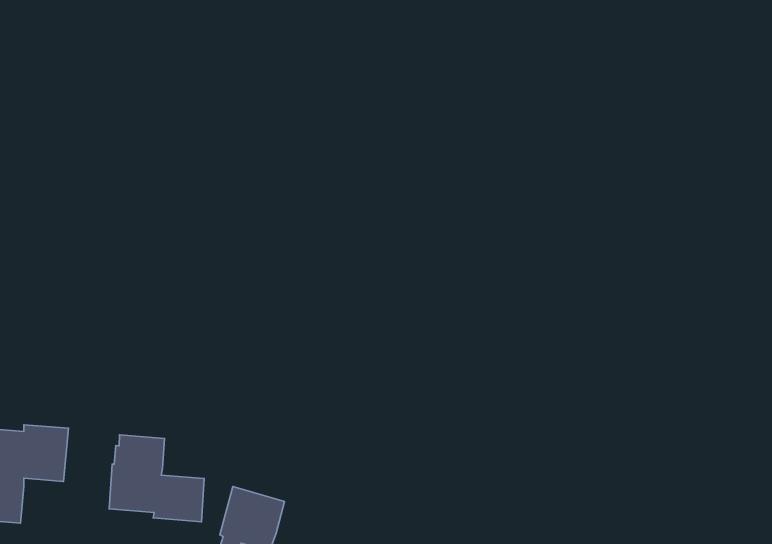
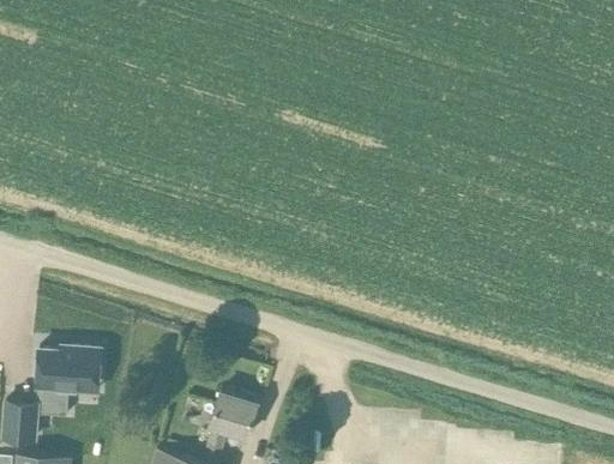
building: [109,435,204,522] -> none

